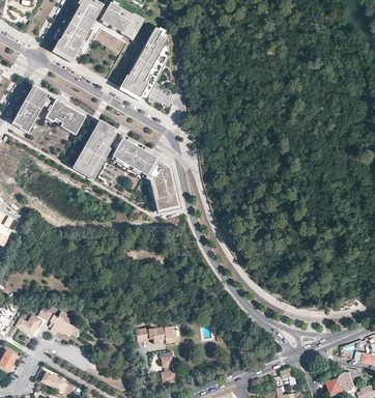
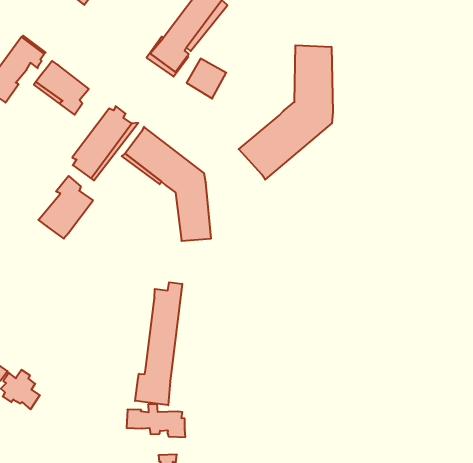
building: none -> [239,45,333,180]
building: none -> [38,176,93,239]
building: none -> [135,282,182,405]

